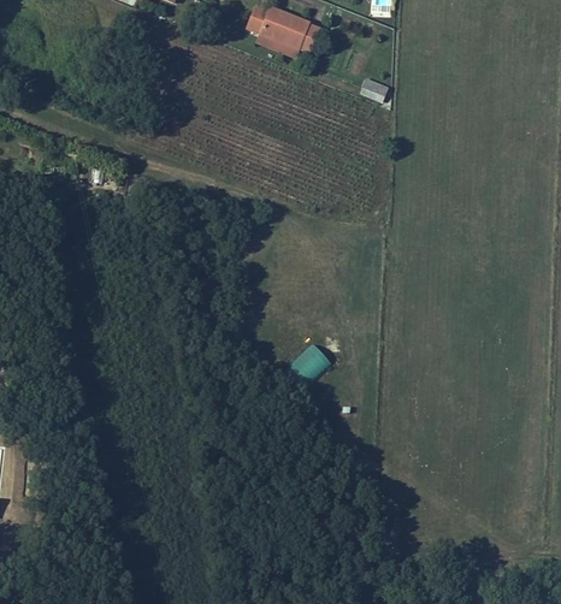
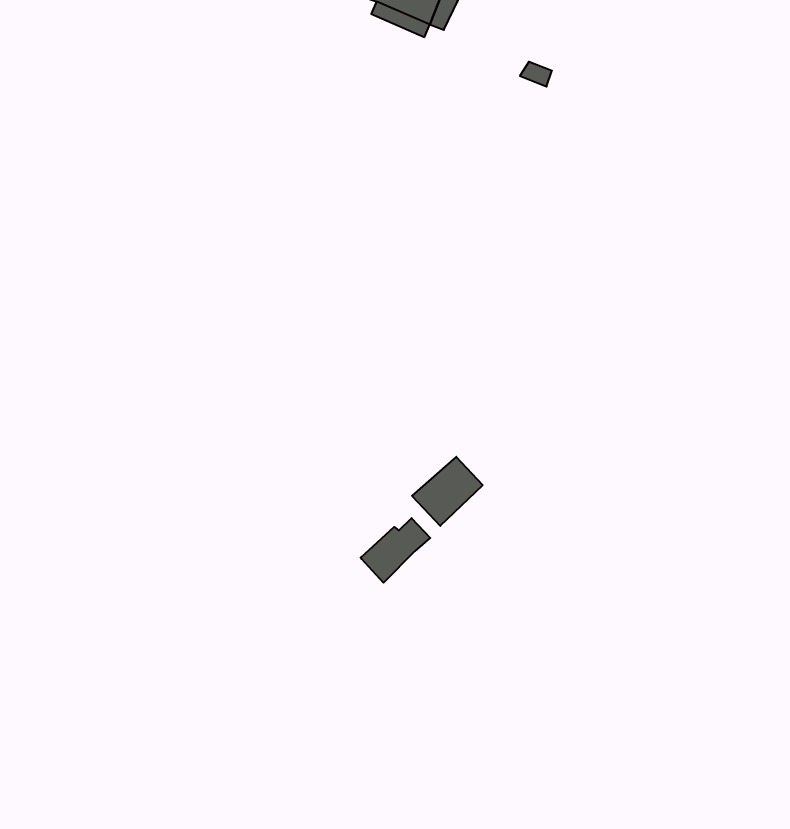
building: none -> [361,518,430,583]

